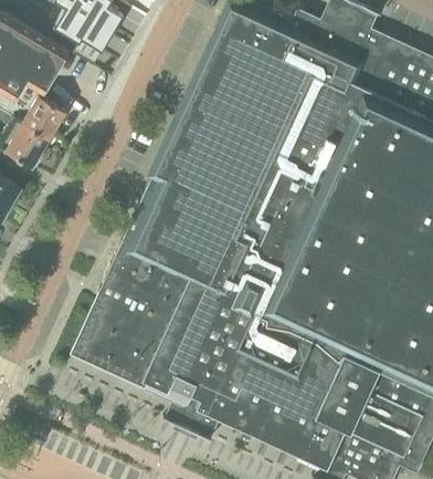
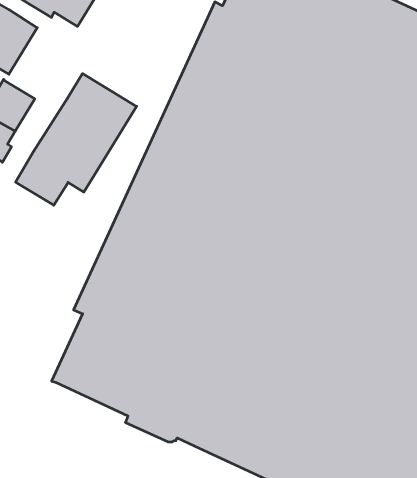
building: none -> [16,74,137,205]

